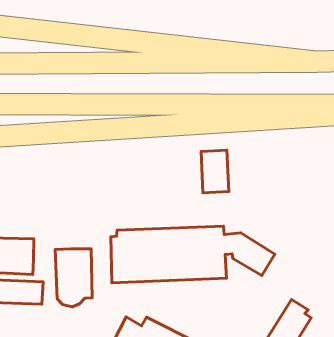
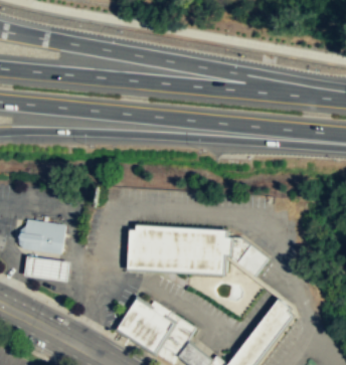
building: [201,150,229,193] -> none
building: [55,249,92,307] -> none

